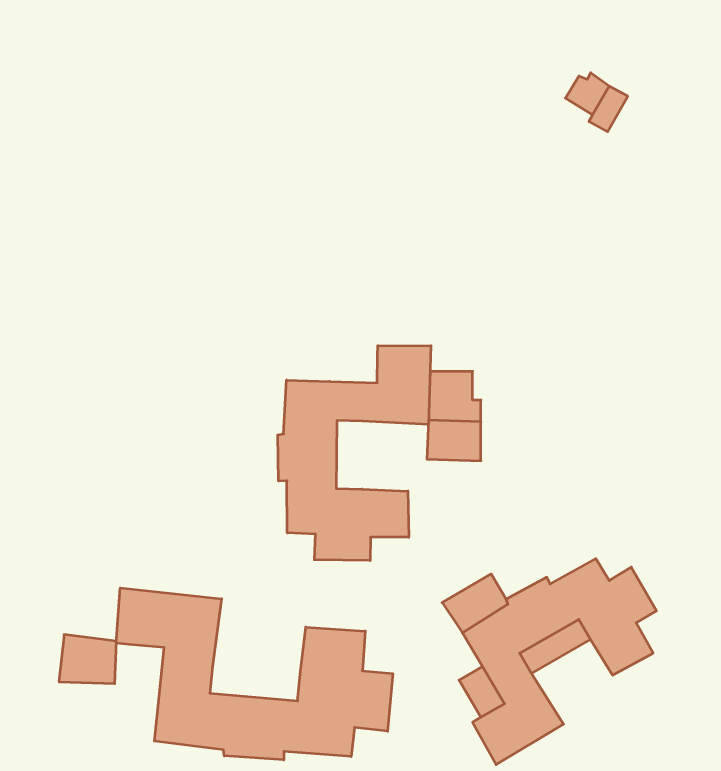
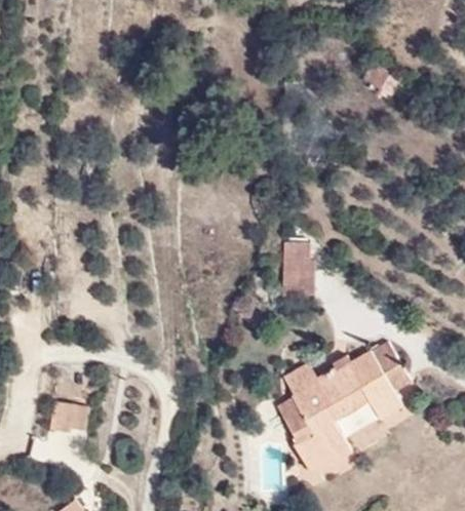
building: [278,346,431,561] -> none
building: [116,588,393,760] -> none

